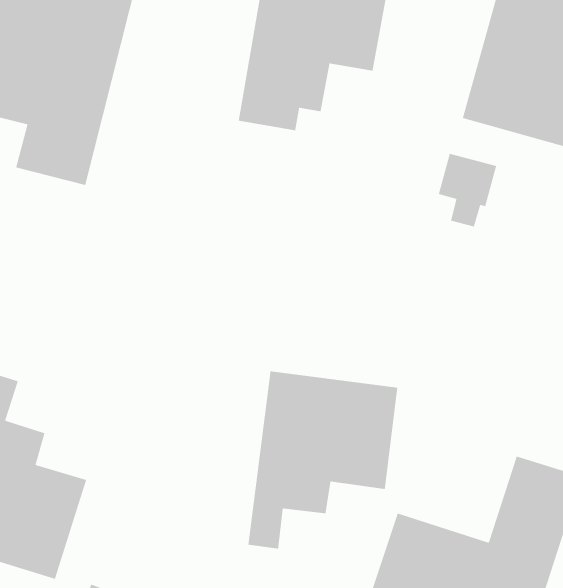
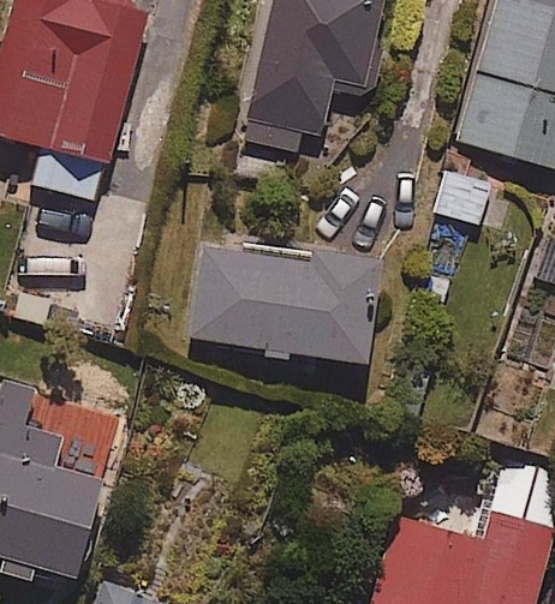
building: none -> [191,245,380,360]
building: [248,370,398,549] -> none

